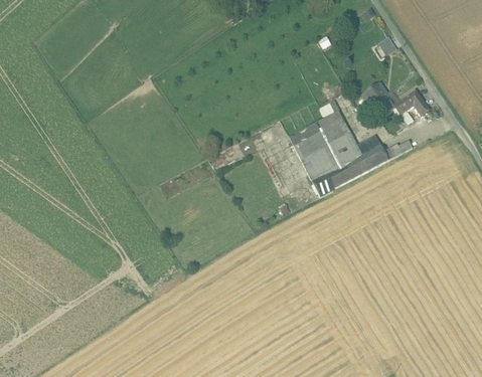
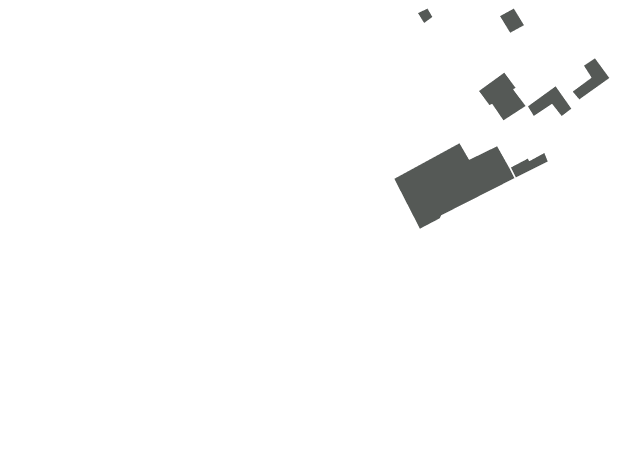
building: none -> [572,57,610,100]
building: [288,111,348,159] -> none

